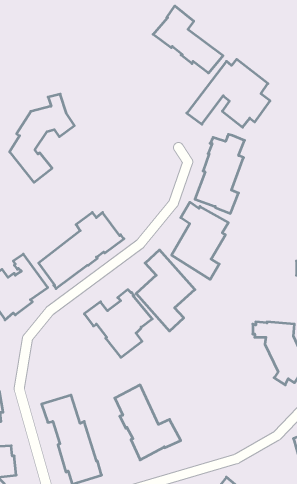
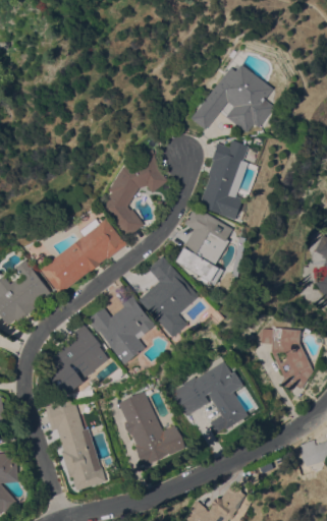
building: [153,6,223,73] -> none
building: [10,94,74,182] -> [104,151,169,239]
building: none -> [45,325,111,397]
building: none -> [172,361,249,428]

